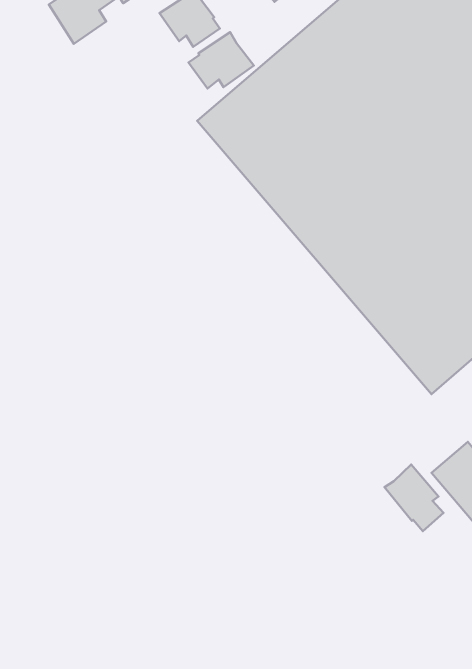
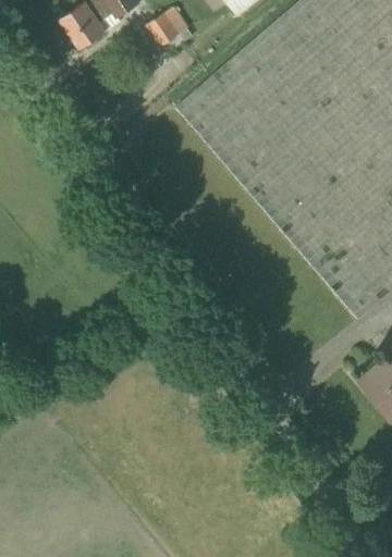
building: [188,32,254,88] -> none
building: [384,465,443,531] -> none

